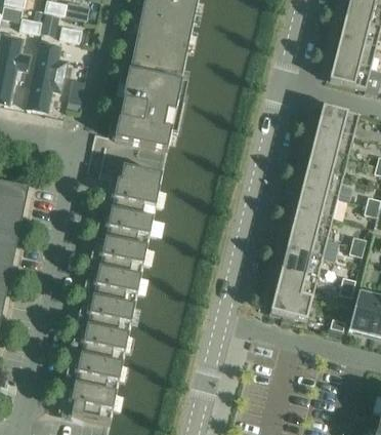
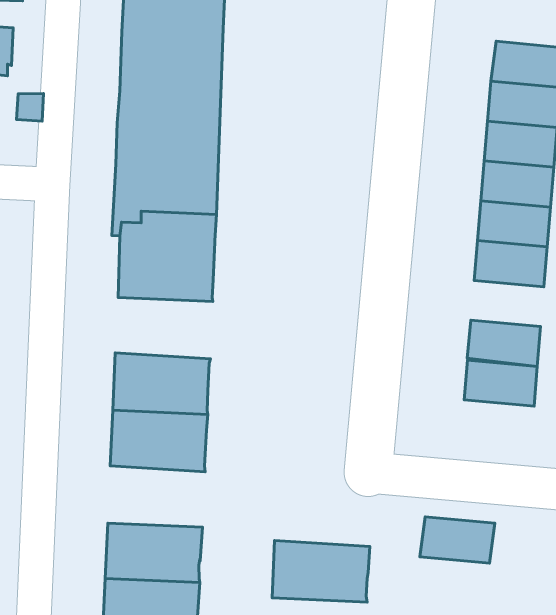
building: [97,207,153,247] -> none
building: [286,229,327,259] -> none
building: [269,290,311,320] -> [420,517,495,563]
building: [79,294,134,334] -> [272,541,370,602]

